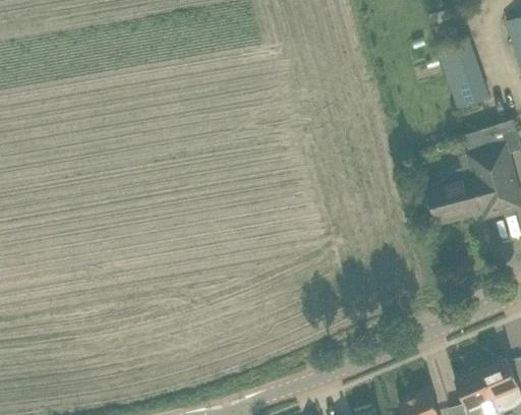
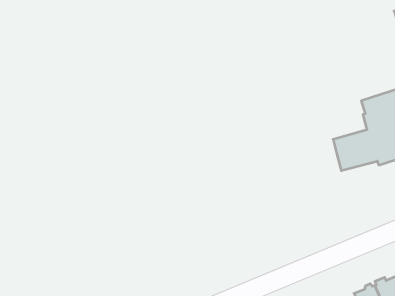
building: [436,36,489,109] -> none

